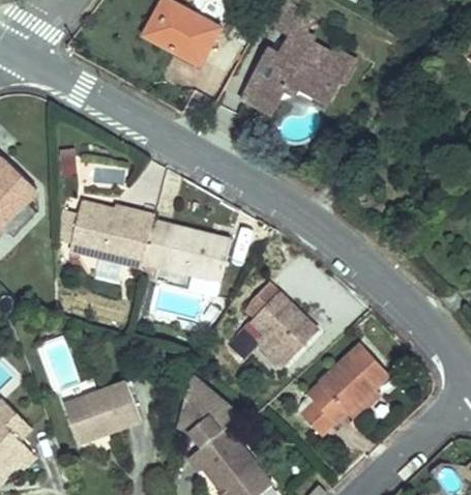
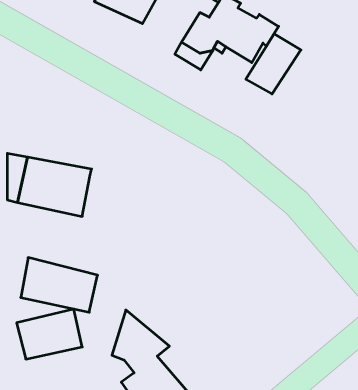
building: none -> [246,34,301,94]
building: [140,232,226,293] -> [21,258,98,312]
building: [247,295,313,376] -> none
building: [290,340,390,435] -> none

